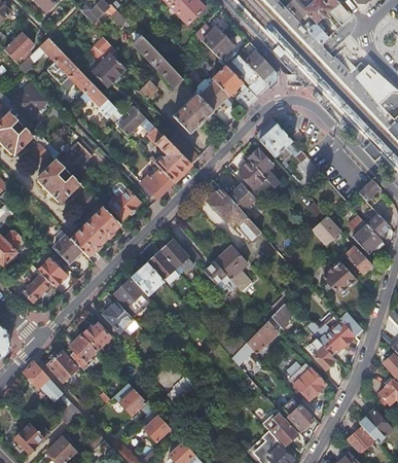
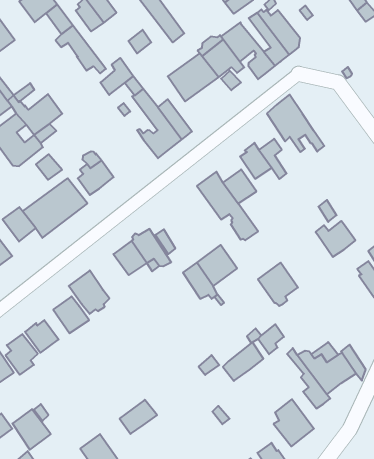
building: [141,169,174,199] -> none
building: [322,261,355,296] -> [258,263,298,306]
building: [132,263,164,295] -> none
building: [114,383,146,416] -> [12,409,51,450]

